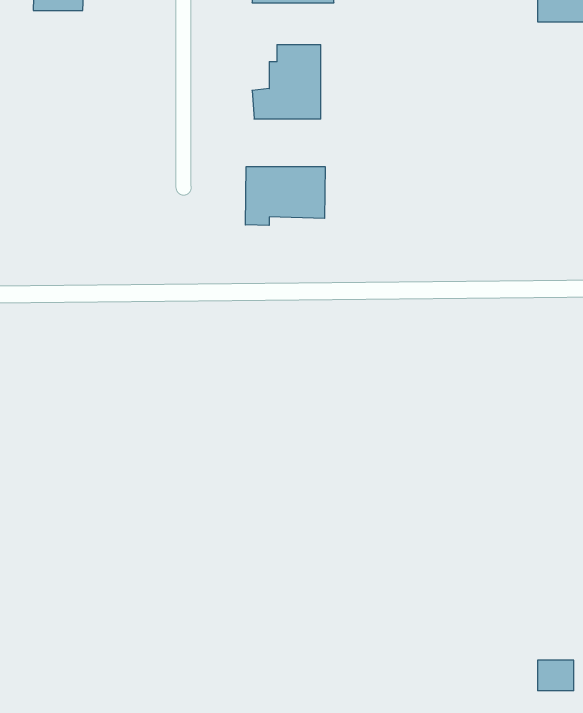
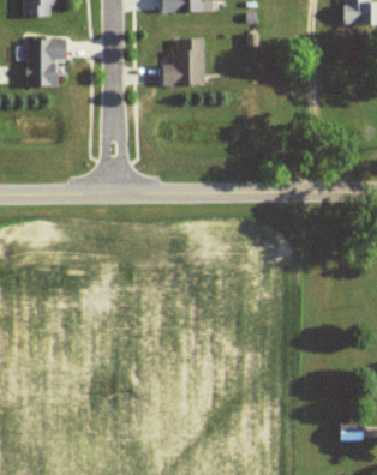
building: none -> [25,40,67,86]
building: [245,167,325,225] -> none

